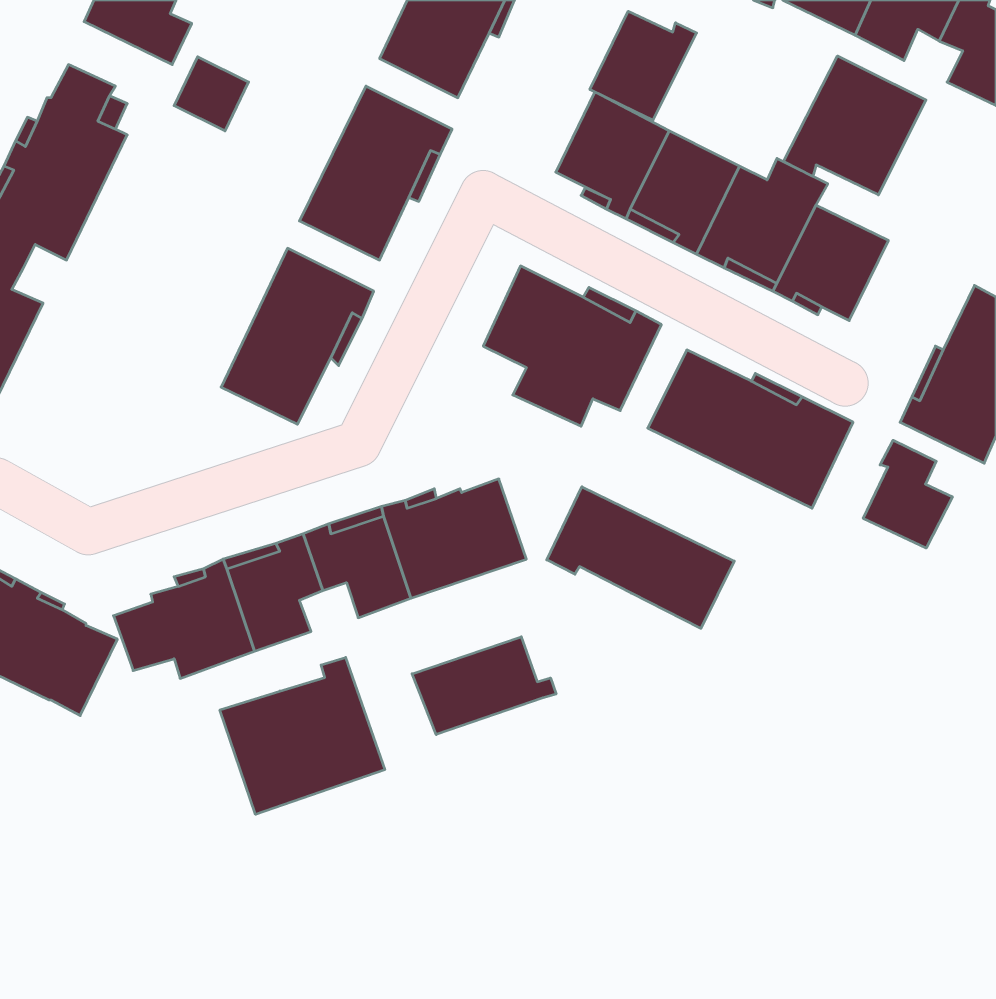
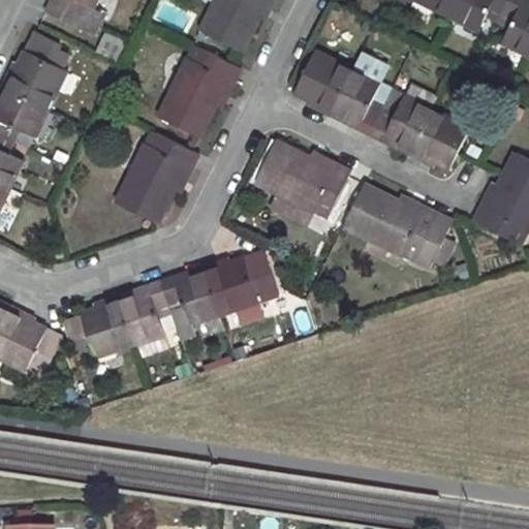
building: [590,11,697,120] -> none
building: [783,56,926,195] -> none
building: [863,440,952,548] -> none
building: [547,487,734,628] -> none
building: [412,637,556,735] -> none
building: [220,657,385,814] -> none

